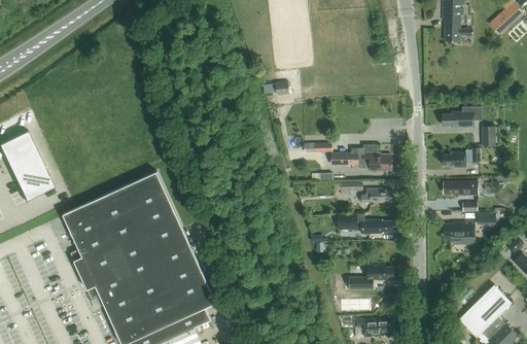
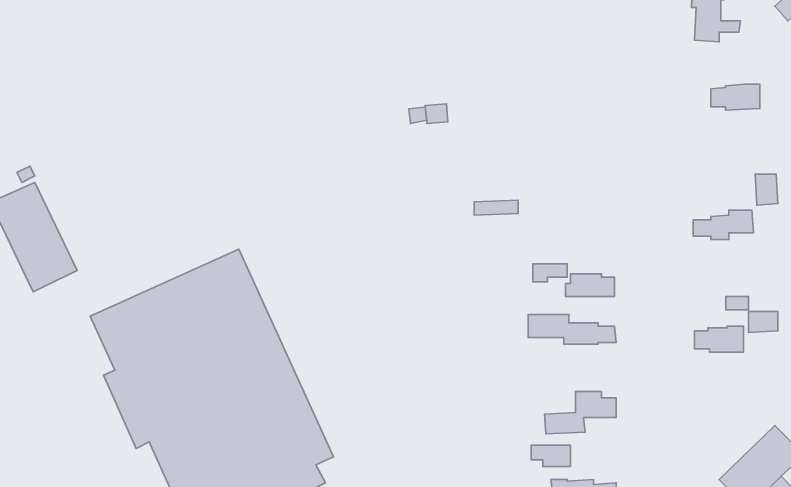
building: [443,111,473,128] -> [711,84,760,110]
building: [333,148,392,171] -> none
building: [443,181,478,196] -> none

